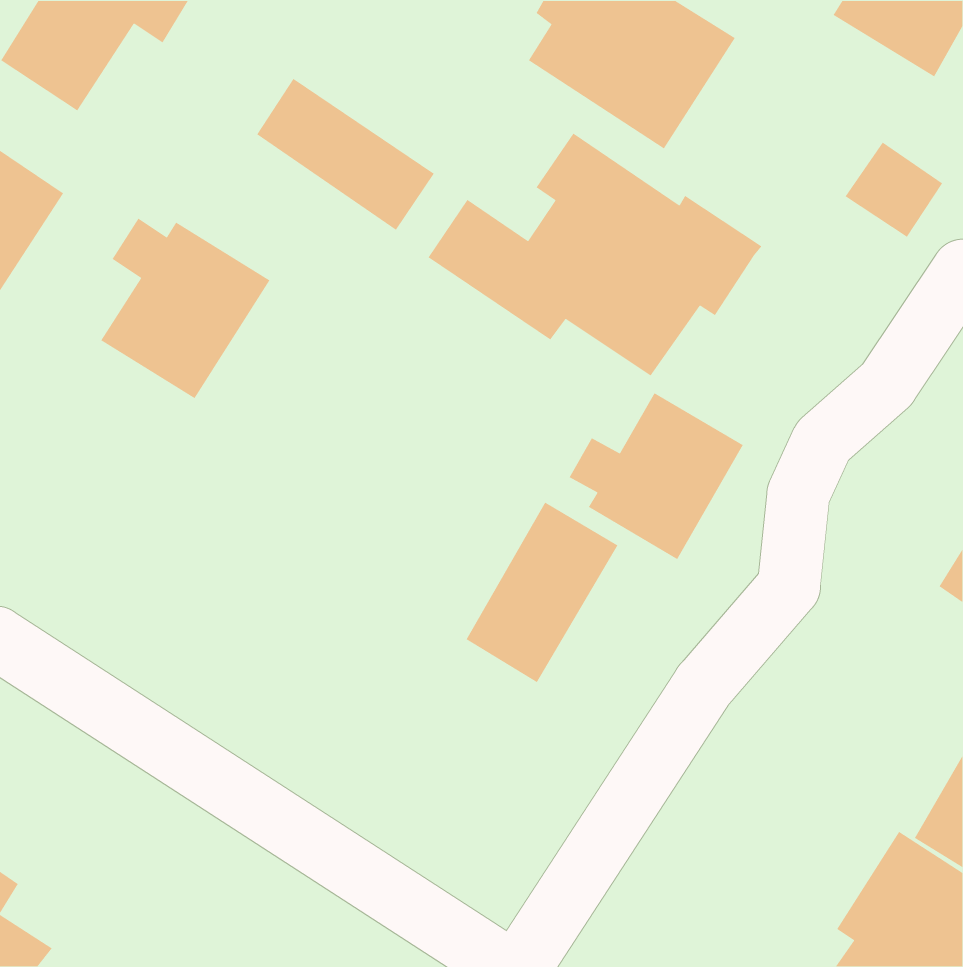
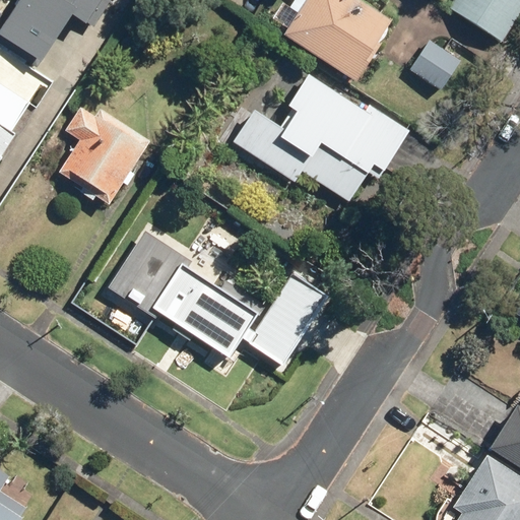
building: [256,78,435,231] -> none
building: [845,141,943,238] -> [407,38,460,89]
building: [568,392,744,560] -> none
building: none -> [102,219,260,355]

